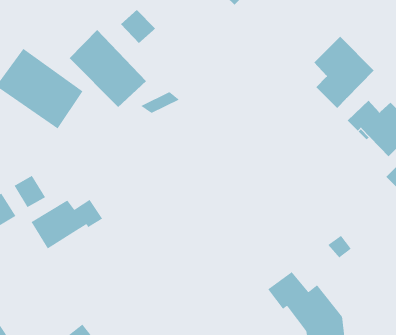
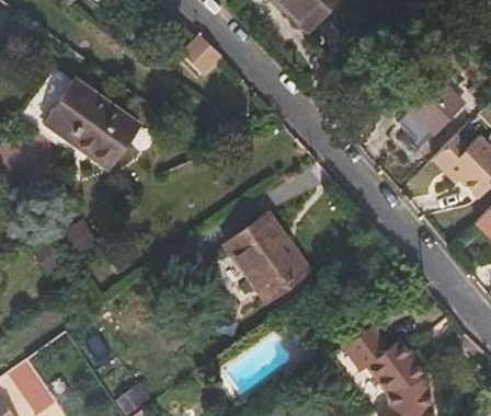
building: [69,29,147,108] -> none
building: none -> [225,215,308,301]
building: [31,199,103,249] -> none

